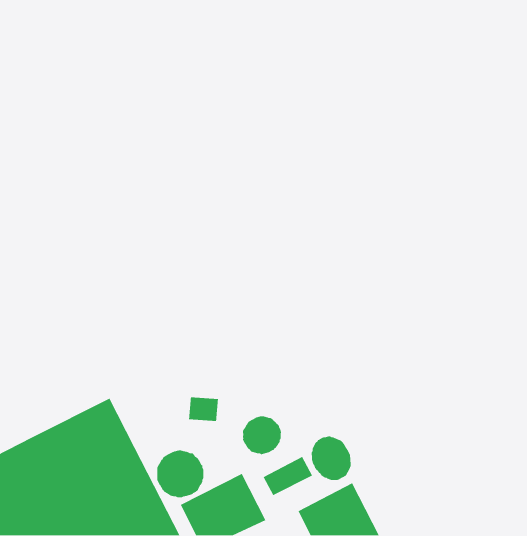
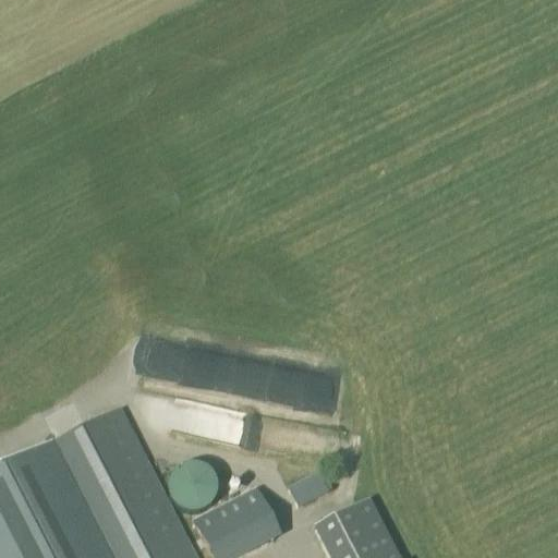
building: [242,416,282,455] -> none
building: [311,435,352,481] -> none

